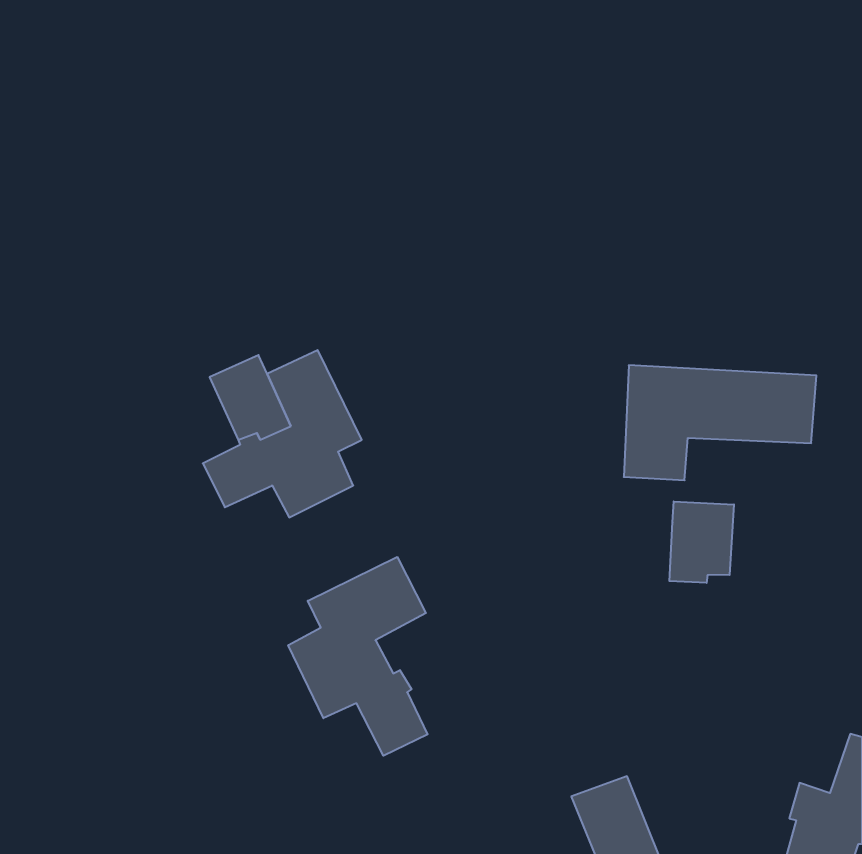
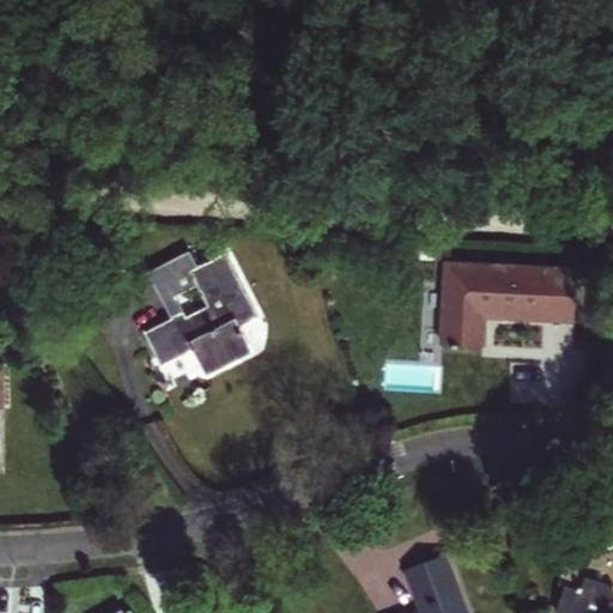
building: [669,501,734,583] -> none
building: [288,557,428,756] -> none

